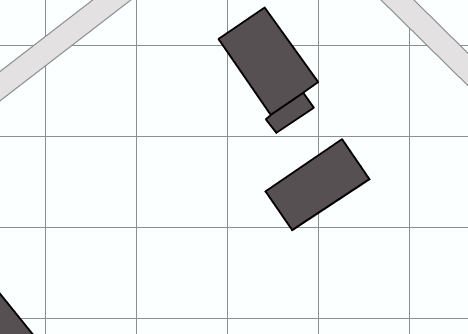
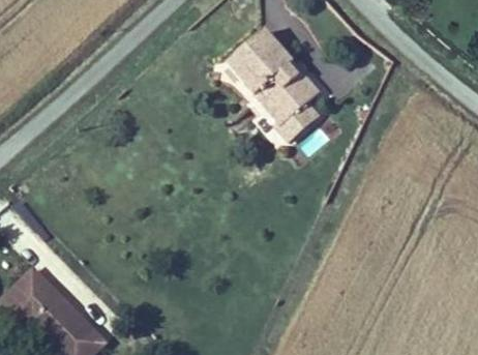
building: [265,139,370,230] -> none

